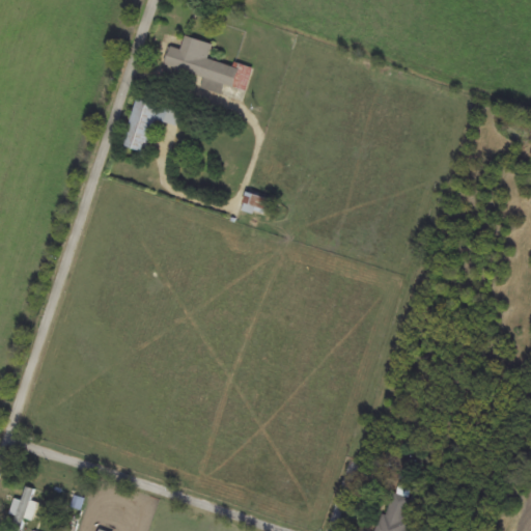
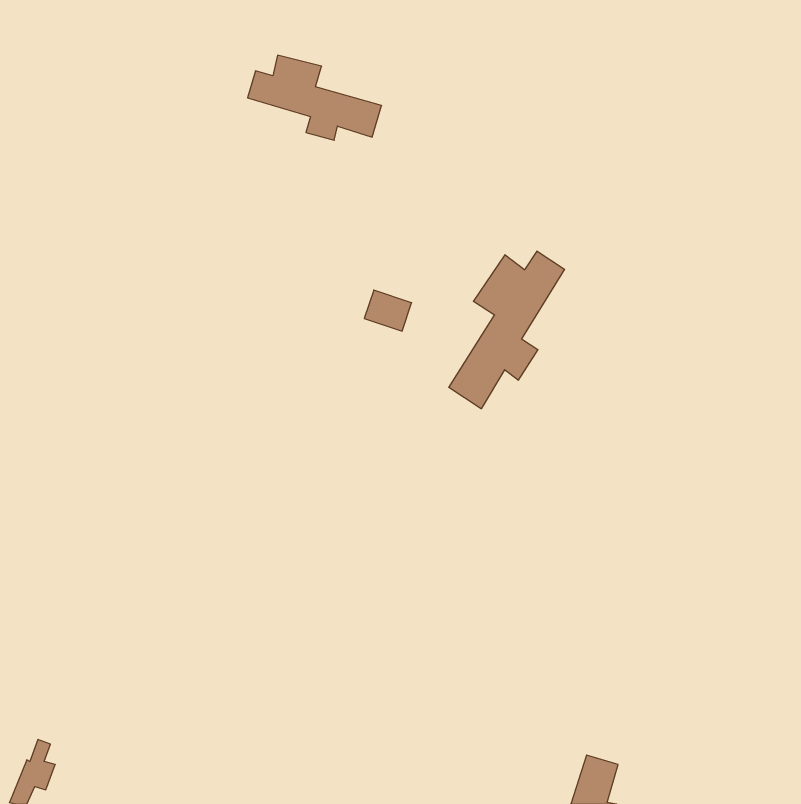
building: [121,100,179,151] -> none
building: none -> [449,251,565,409]

